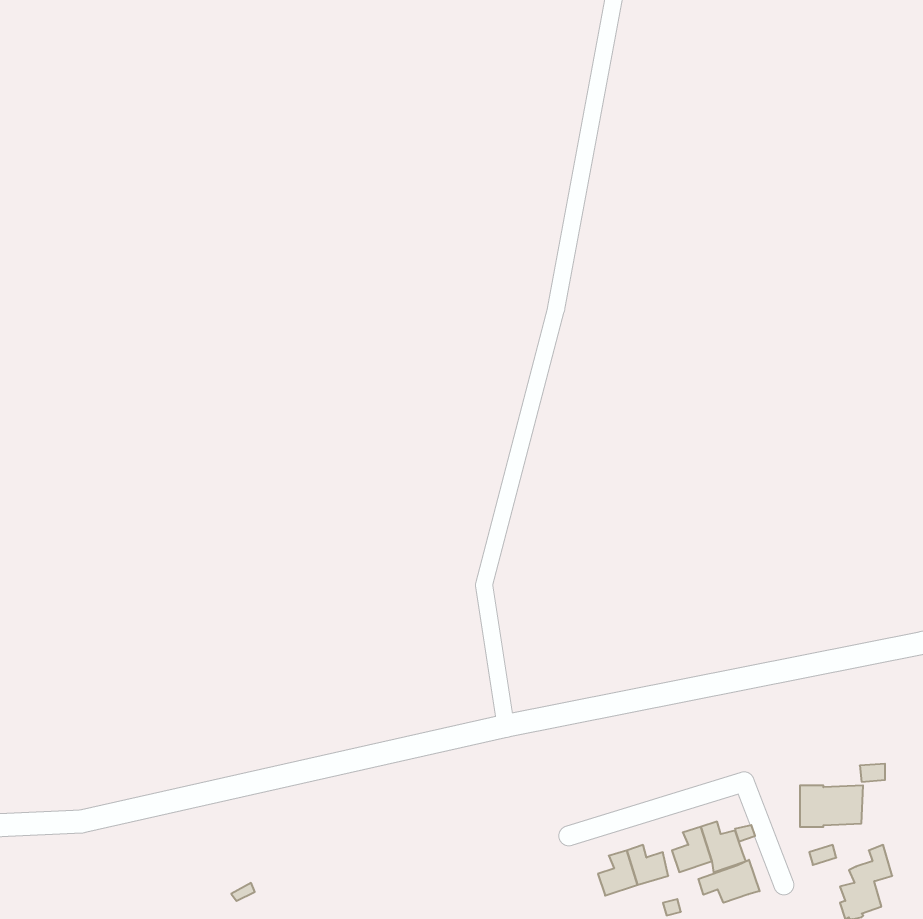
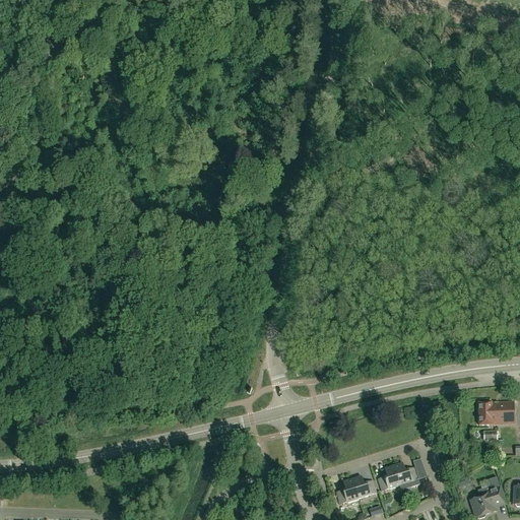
building: [800,785,863,827] -> [478,401,514,425]
building: [698,860,760,903] -> none

